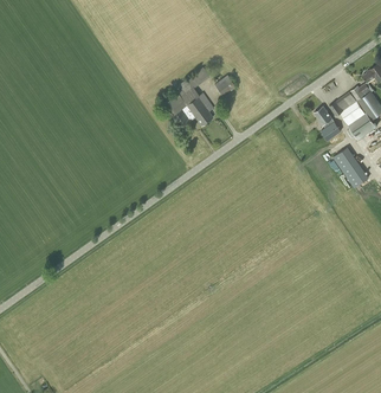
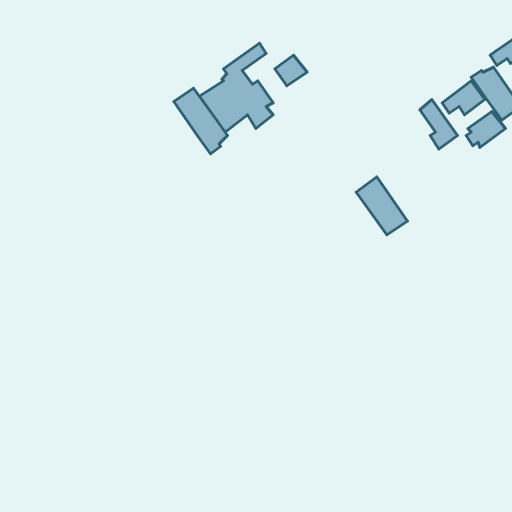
building: none -> [174,88,227,154]
building: [332,147,368,187] -> [356,177,407,235]

